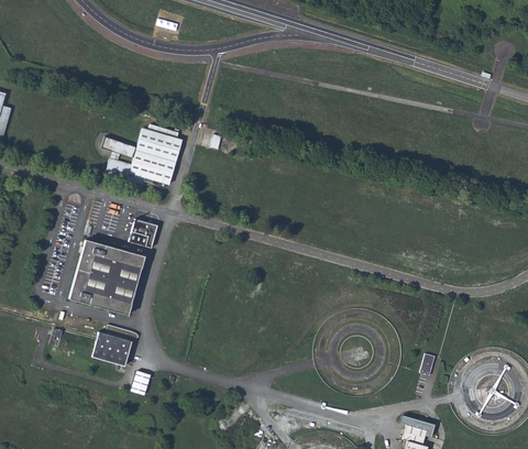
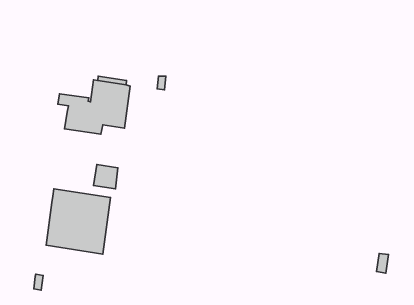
building: [91,326,138,366] -> none

